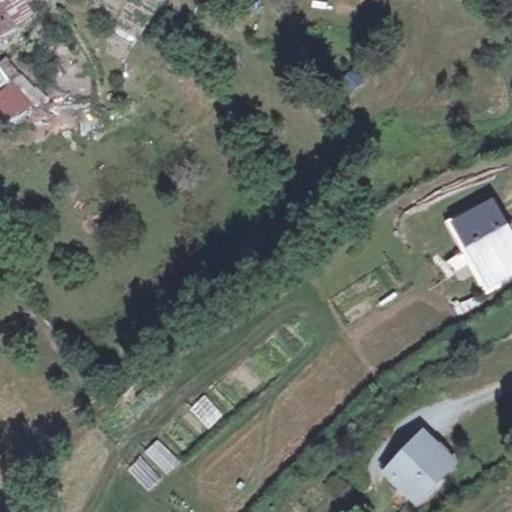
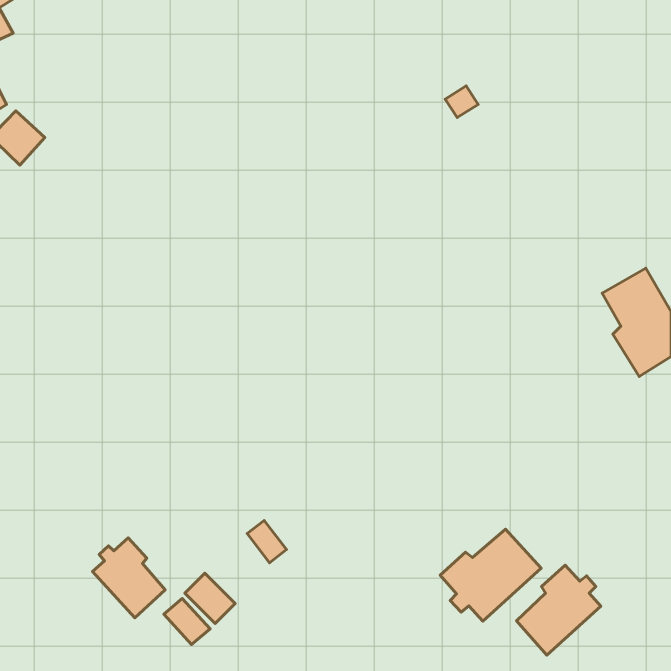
building: none -> [440,529,541,621]
building: none -> [93,538,165,618]

